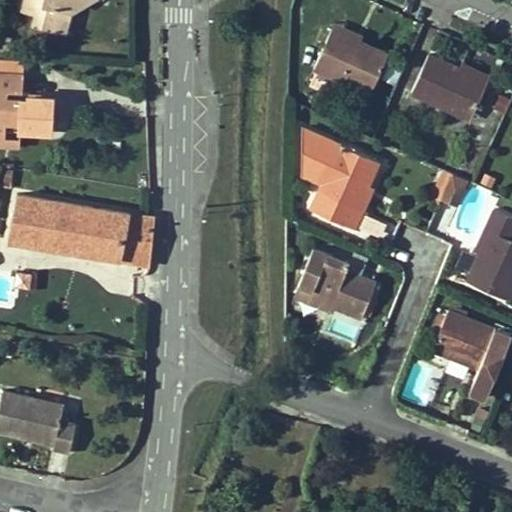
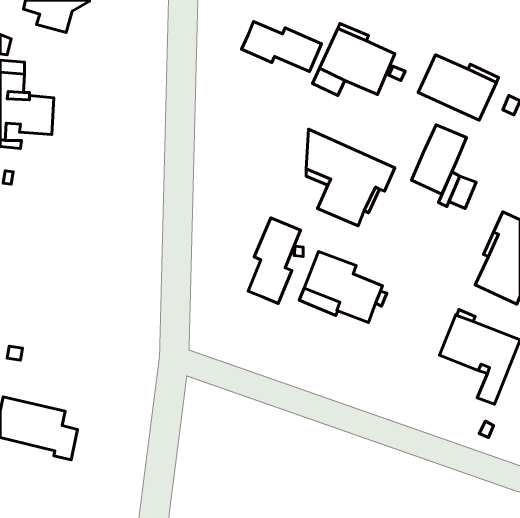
building: none -> [241,22,321,71]
building: none -> [412,125,467,194]
building: [9,195,155,266] -> none
building: none -> [248,218,301,304]

